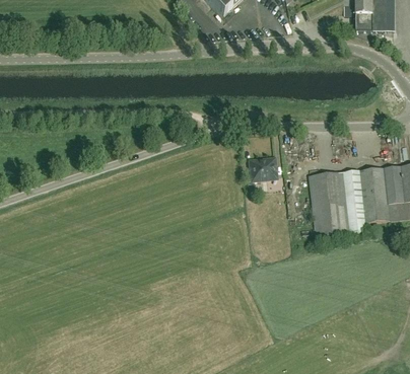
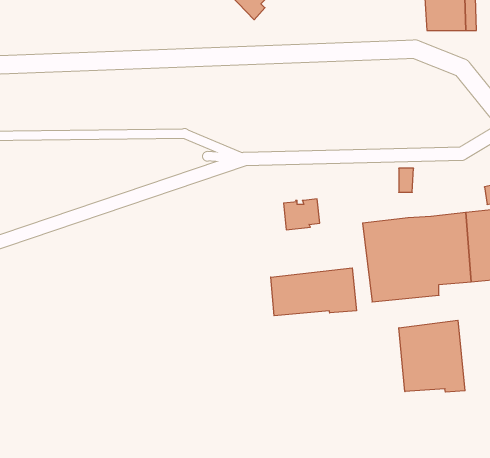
building: none -> [271,268,356,316]
building: none -> [399,320,465,392]

